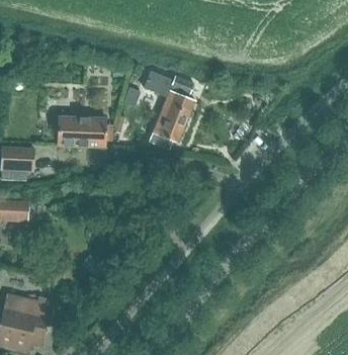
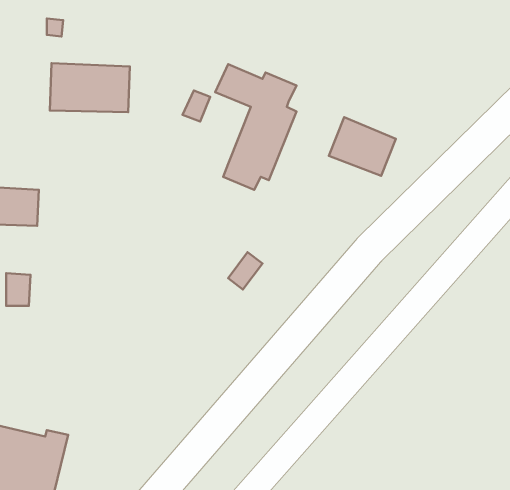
building: none -> [329,117,396,176]
building: [58,116,107,147] -> [50,63,130,112]

